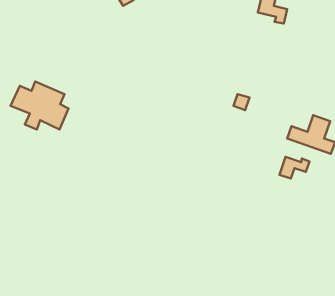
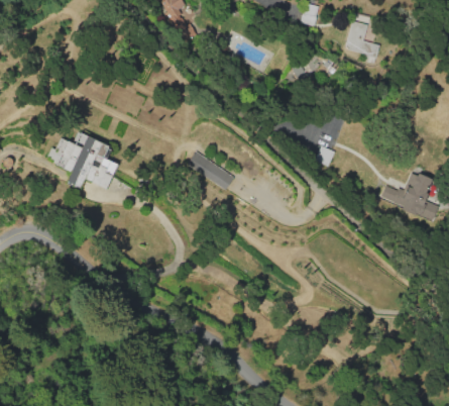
building: none -> [188,150,235,190]
building: [279,157,310,179] -> none

